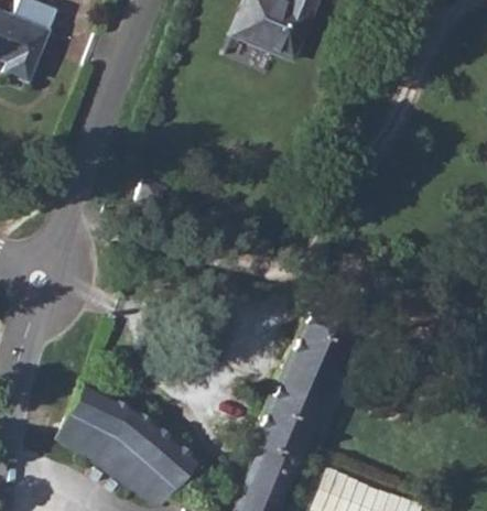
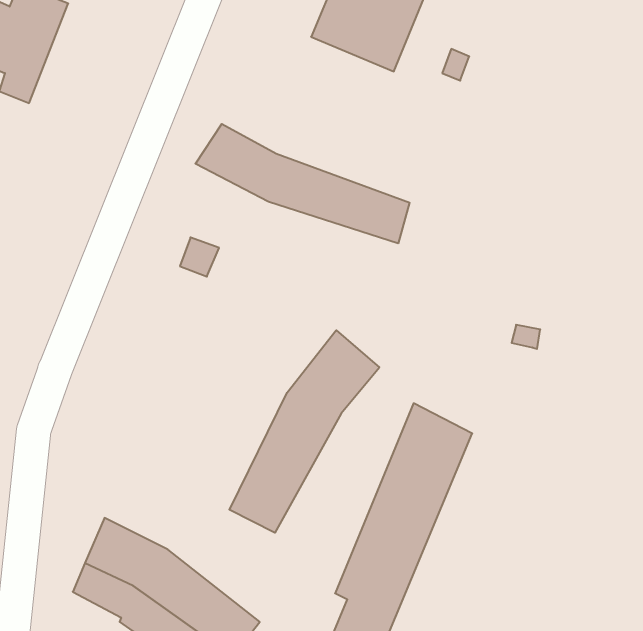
building: none -> [195,124,410,243]
building: none -> [229,330,379,533]

